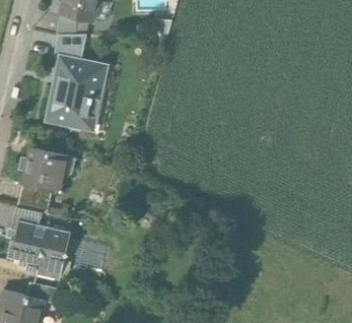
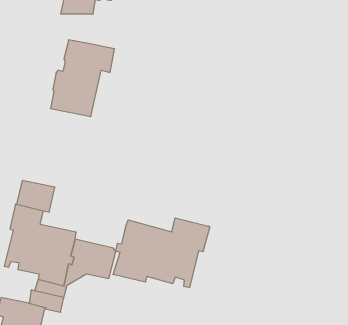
building: [54,35,84,61] -> none
building: [21,147,62,193] -> none
building: none -> [113,218,210,288]

